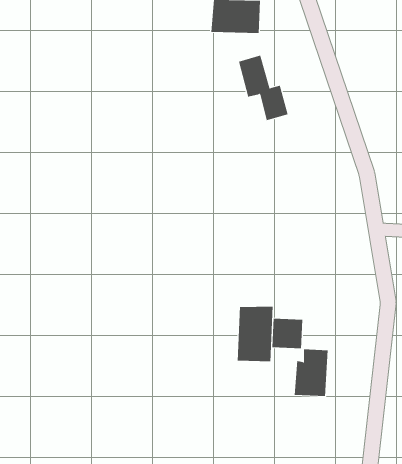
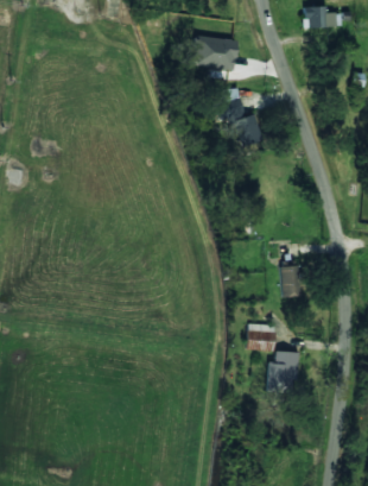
building: none -> [281,265,300,296]
building: [237,306,273,362] -> none

